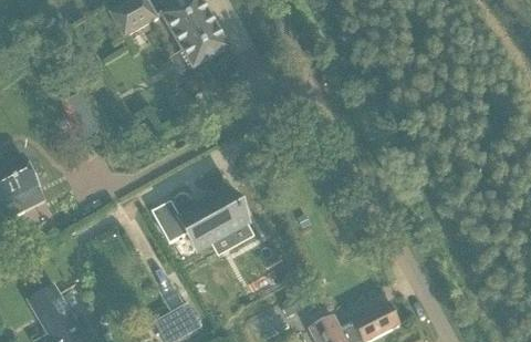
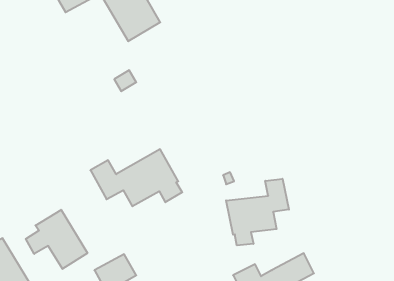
building: none -> [226,179,289,245]
building: none -> [26,210,87,269]

